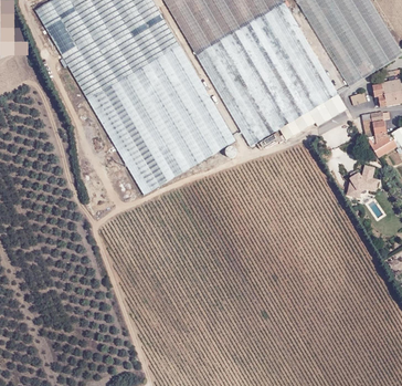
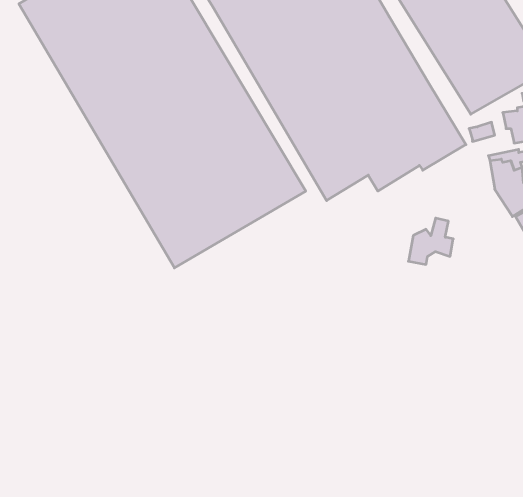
building: [346,165,377,197] -> [408,218,453,264]

